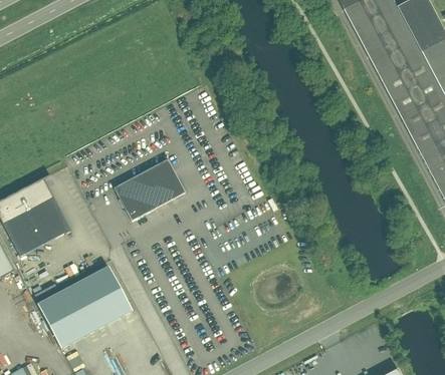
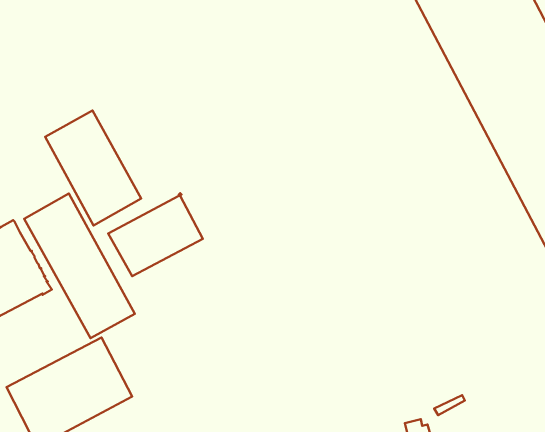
building: none -> [45,111,141,226]
building: none -> [24,193,135,338]

